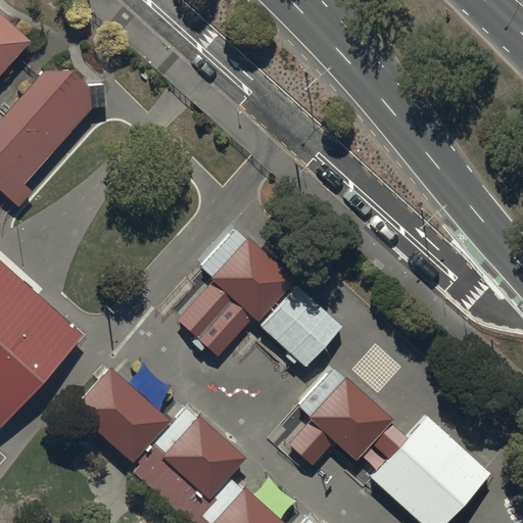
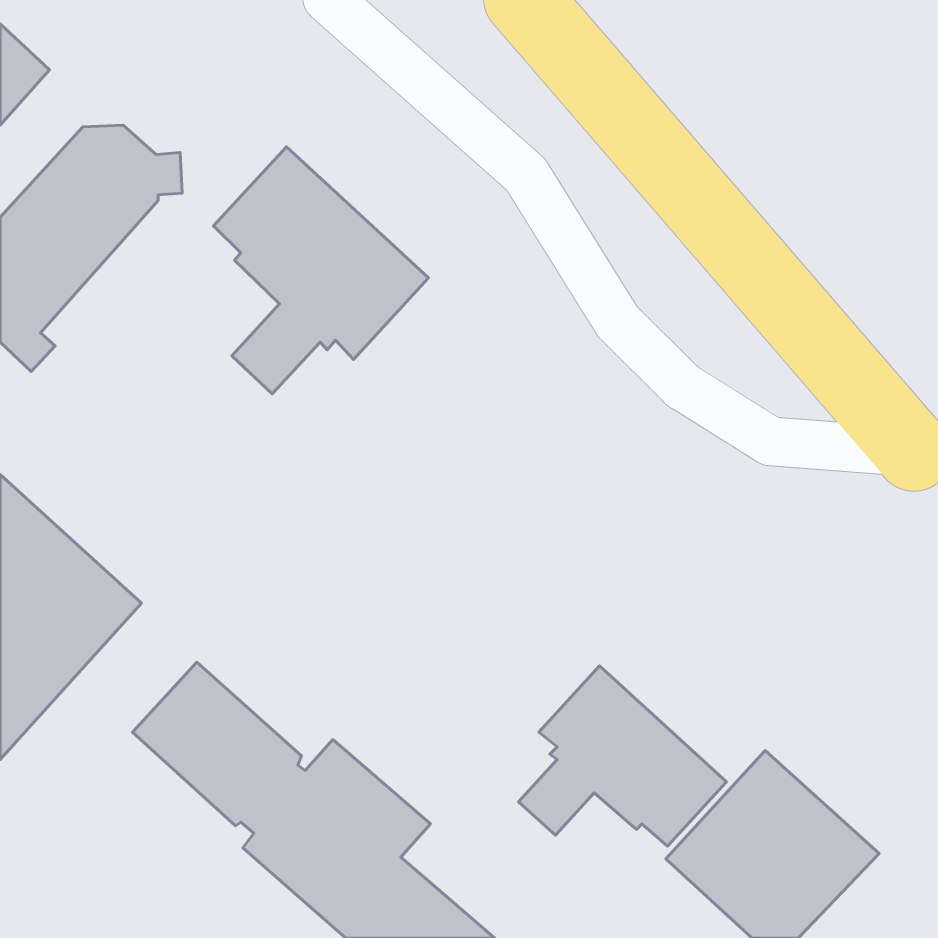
building: none -> [214,147,428,394]
building: [177,226,293,360] -> none
building: [262,286,344,368] -> none

